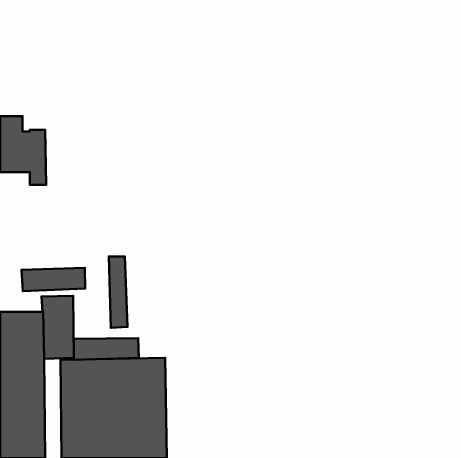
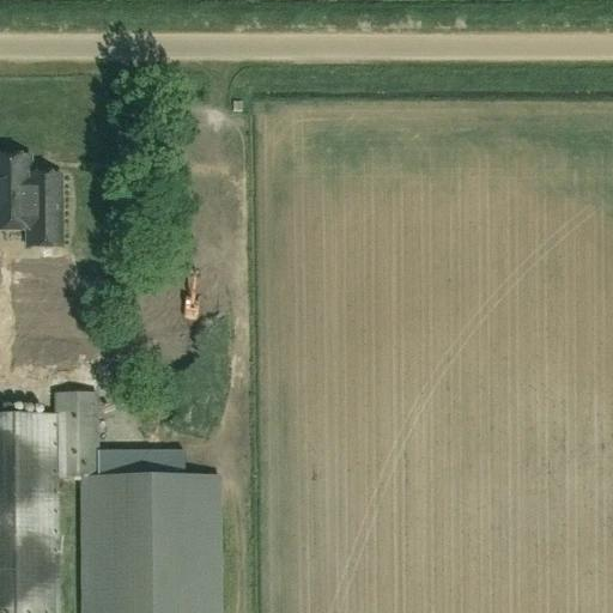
building: [109,256,128,328] -> none
building: [22,268,85,291] -> none

